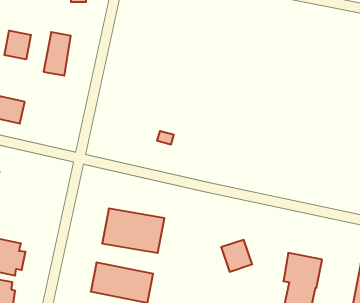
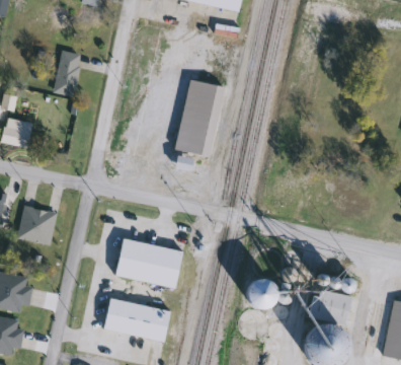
building: [5,30,31,59] -> none
building: none -> [175,79,224,157]
building: none -> [18,206,58,244]

